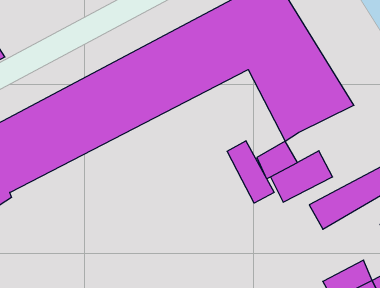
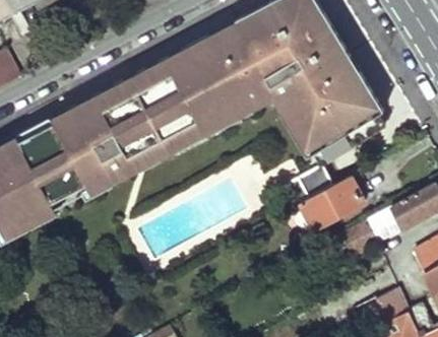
building: [227,141,274,203] -> none

